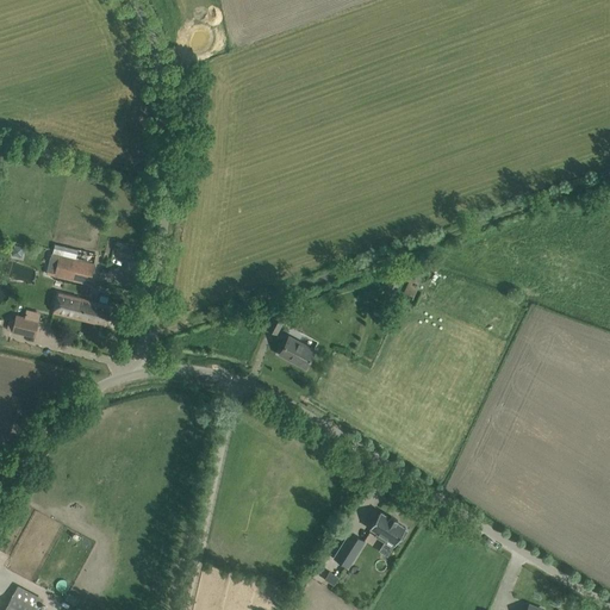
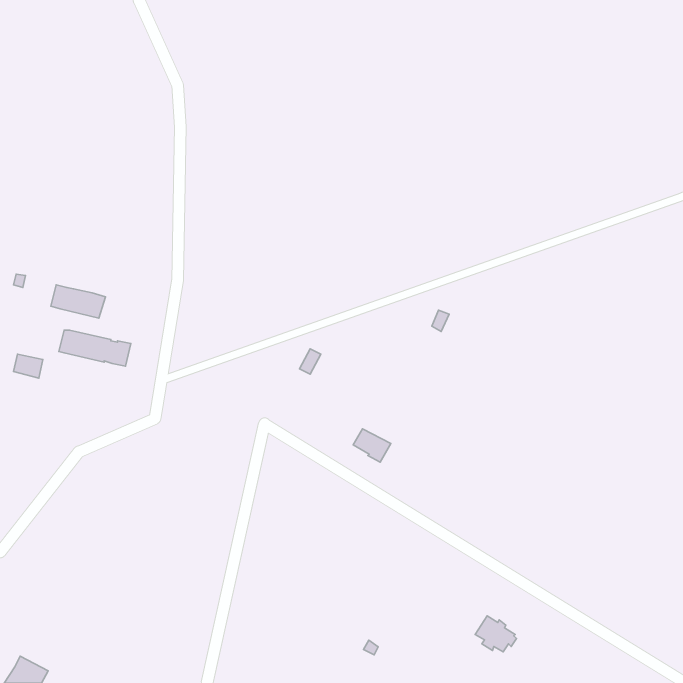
building: [281,337,315,367] -> [353,429,391,462]
building: [369,511,406,543] -> [475,616,516,652]
building: [334,531,365,567] -> none

